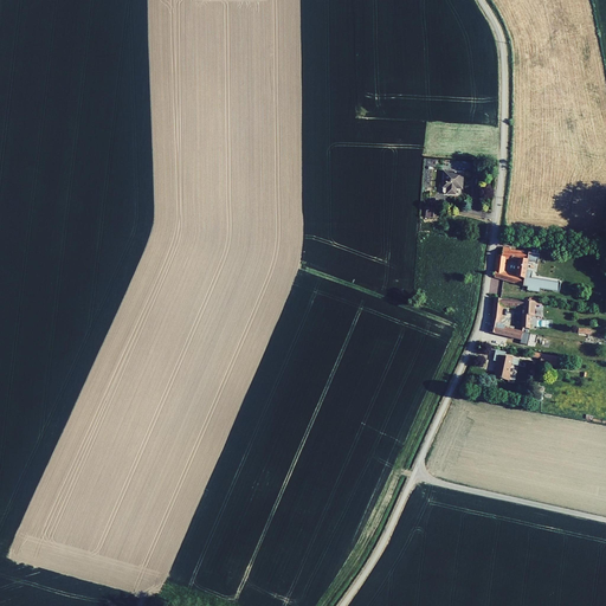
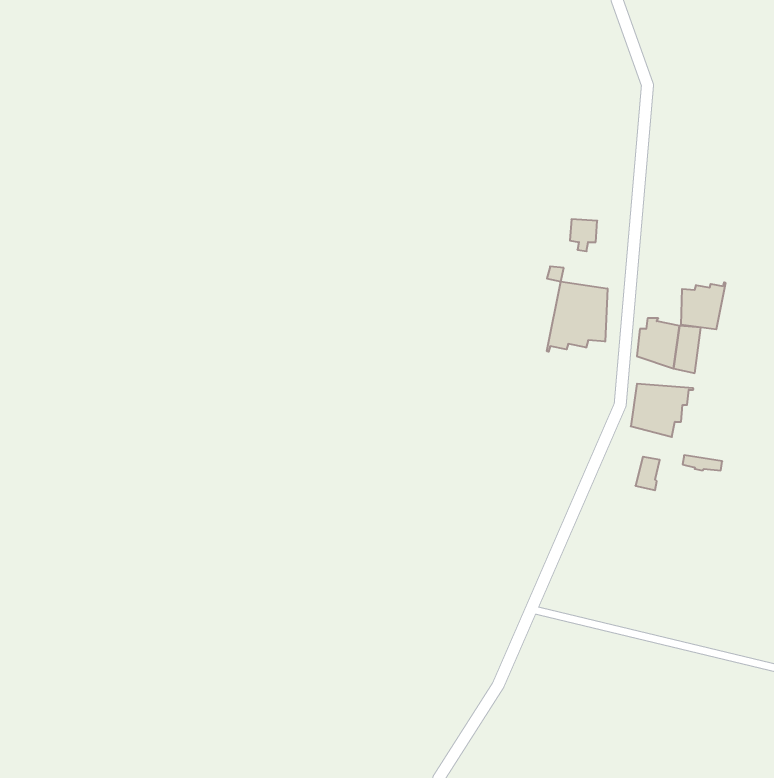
building: none -> [547,282,607,352]
building: none -> [681,282,725,329]

